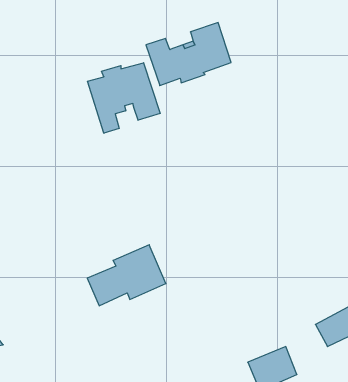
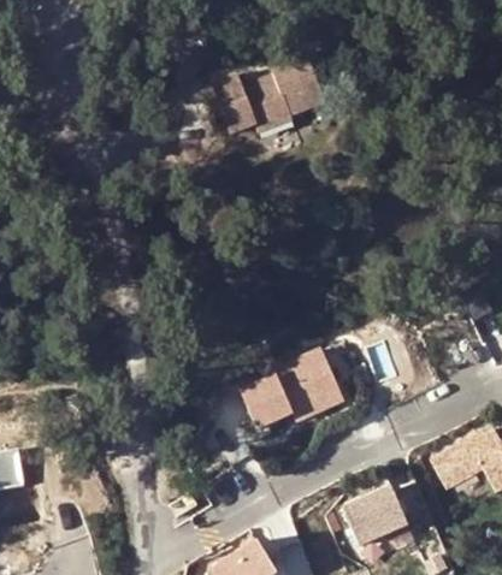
building: [87,63,160,133] -> none
building: [87,245,166,306] -> [241,348,343,427]

